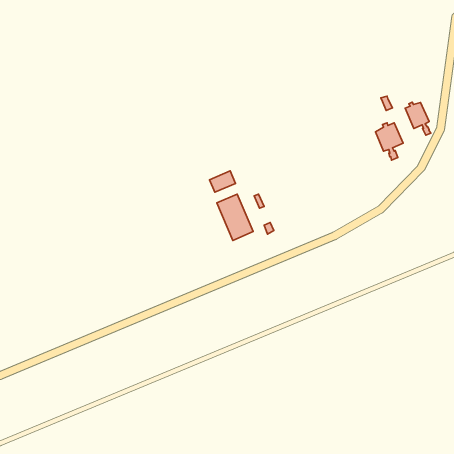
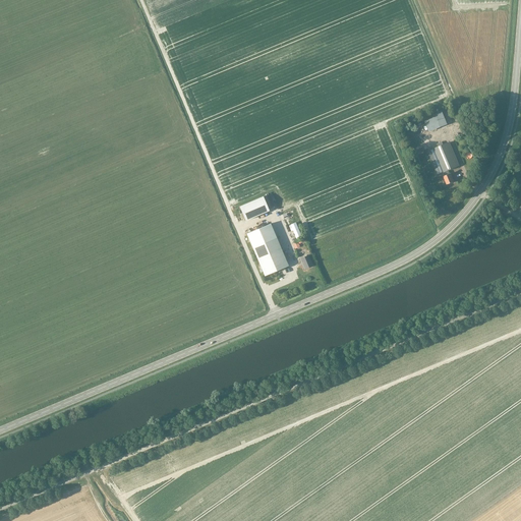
building: [405,102,431,135] -> none

